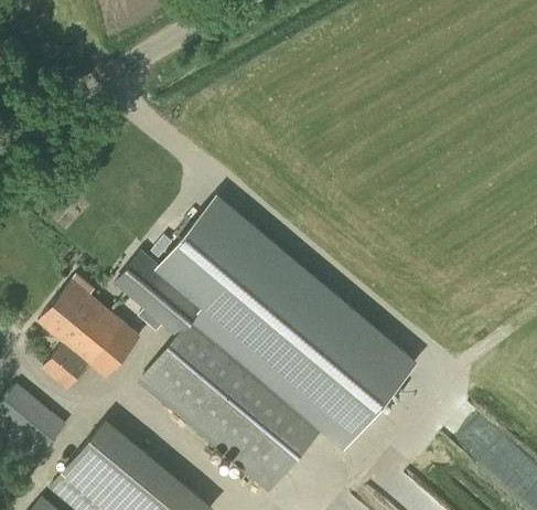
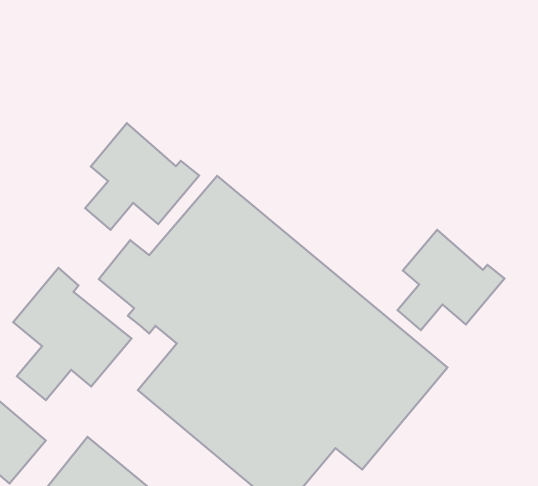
building: none -> [85,123,199,230]
building: none -> [397,230,504,330]

